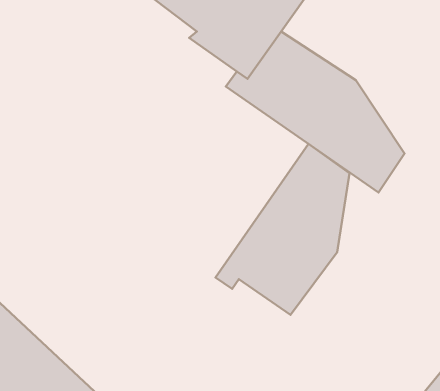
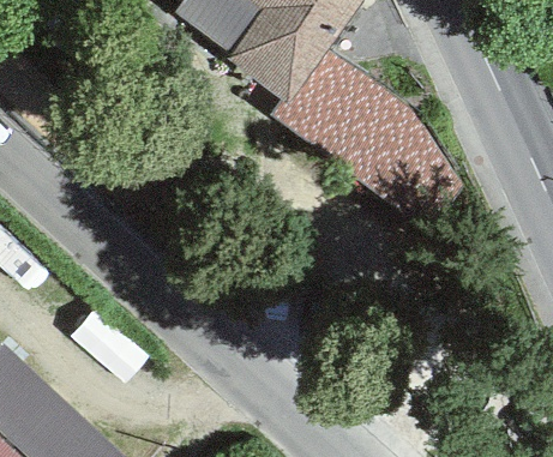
building: [216,144,349,315] -> none

